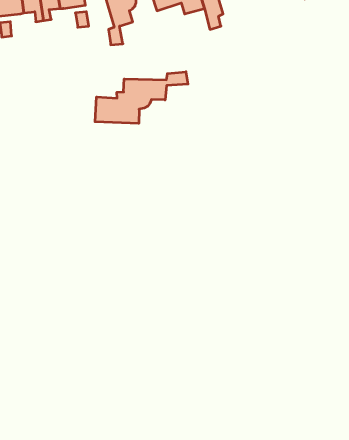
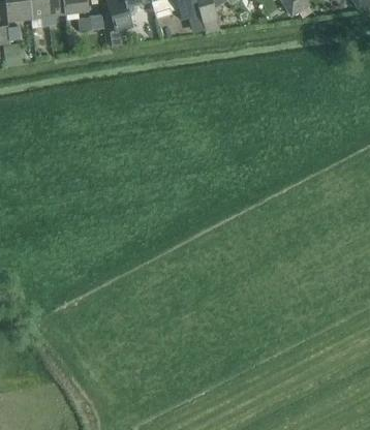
building: [95,72,188,123] -> none

